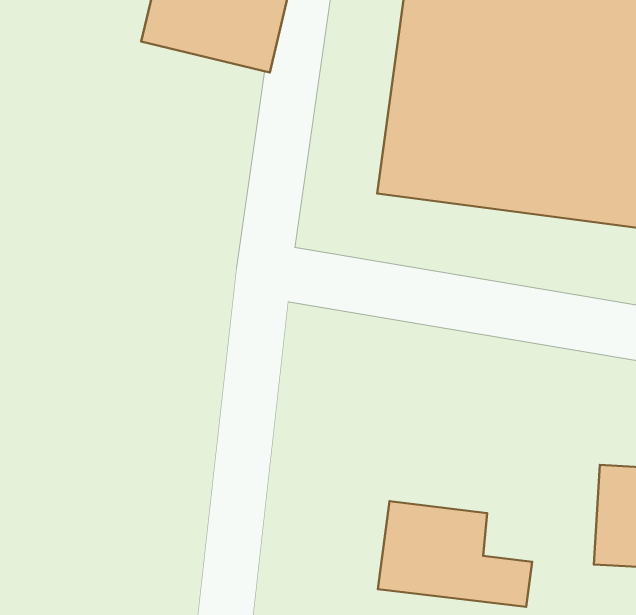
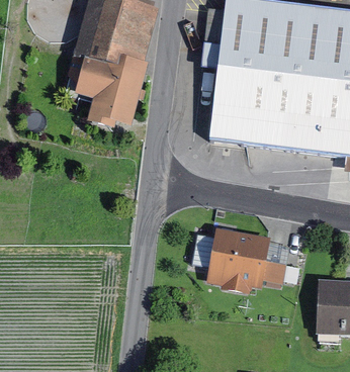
building: none -> [74,59,149,129]
building: [378,501,532,607] -> [208,230,288,285]

